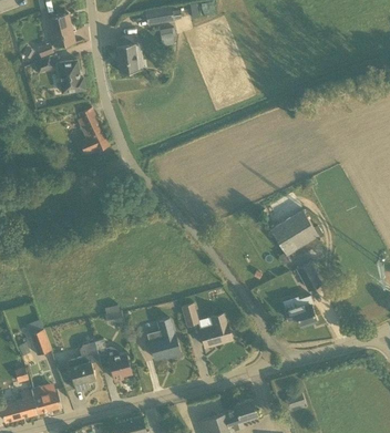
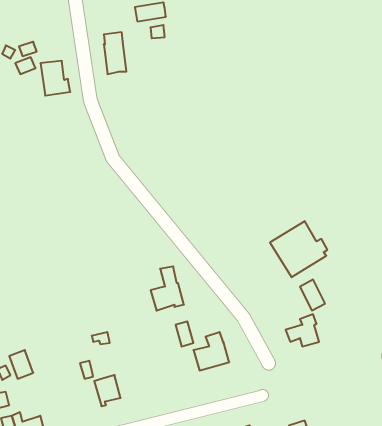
building: [47,12,74,45] -> none
building: [78,106,109,155] -> none
building: [148,318,179,359] -> [151,266,184,311]
building: [66,353,94,391] -> none

